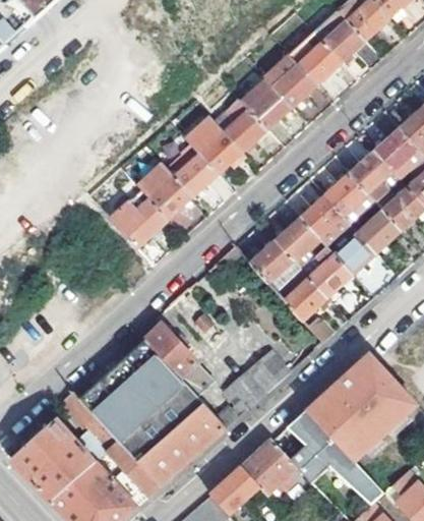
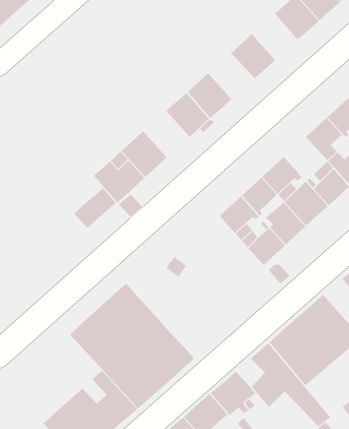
building: [289,33,341,85] -> none
building: [239,77,292,130] -> none
building: [165,143,218,196] -> none
building: [325,173,368,216] -> none
building: none -> [74,188,117,229]
building: [145,324,214,397] -> none
building: [218,346,290,426] -> none
building: [11,390,118,501] -> none

